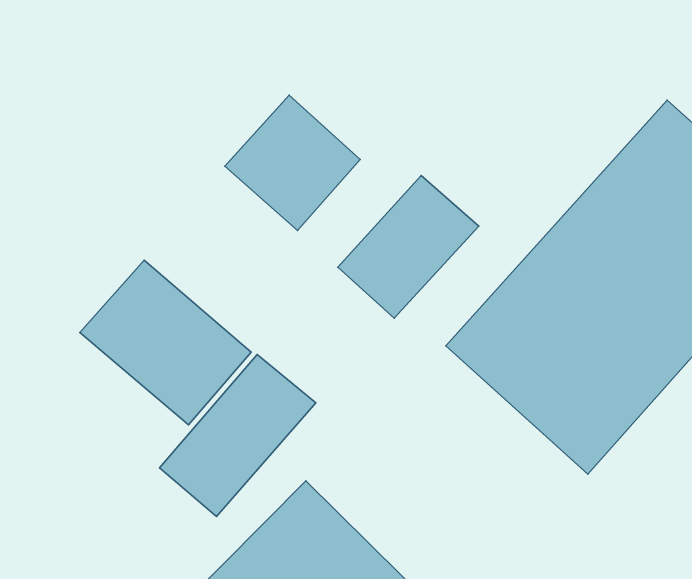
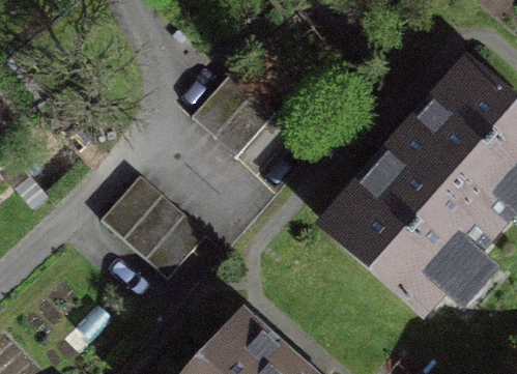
building: [338,176,479,318] -> none
building: [160,355,316,517] -> none

